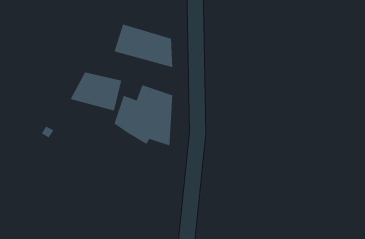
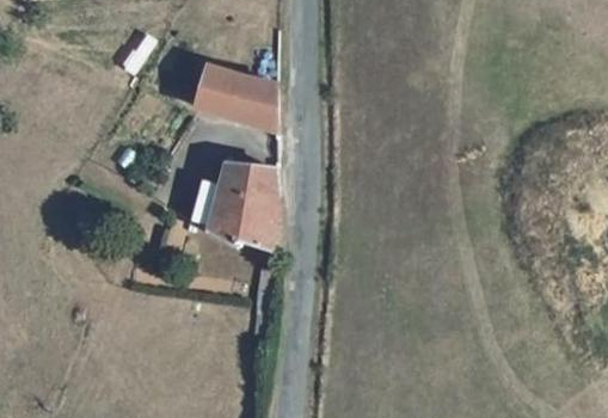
building: [70,71,122,112] -> none

